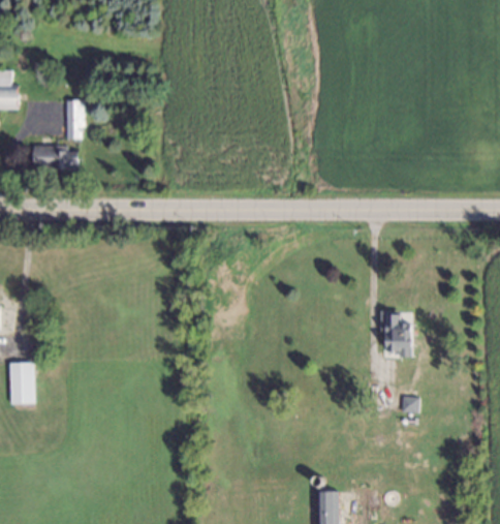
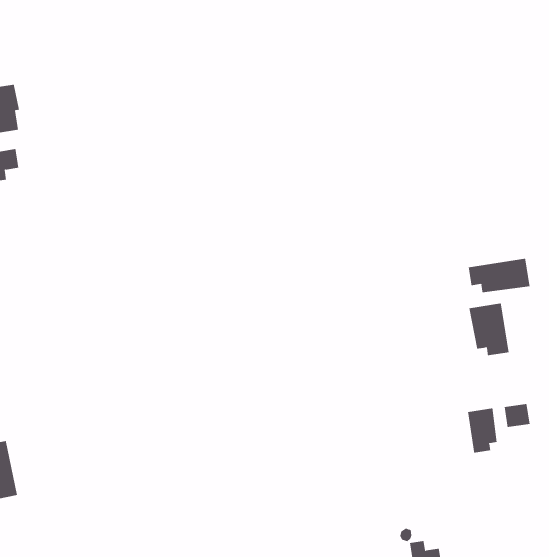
building: none -> [468,258,530,293]
building: none -> [467,407,497,453]

